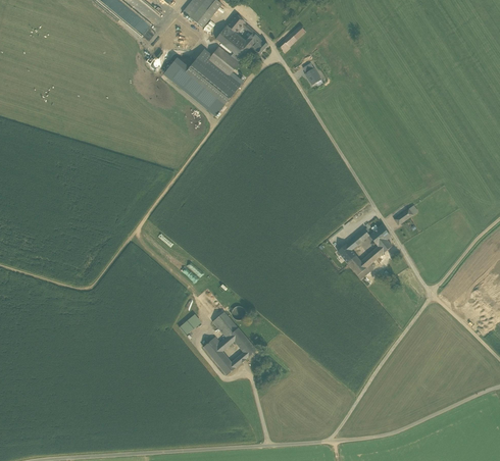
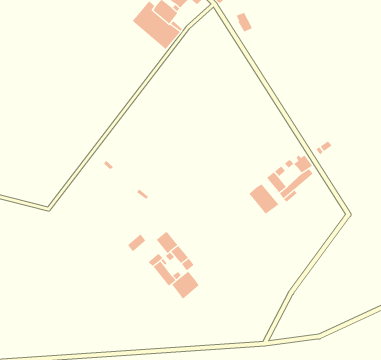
building: [163,56,223,115] -> none
building: none -> [248,184,279,215]
building: none -> [172,271,200,299]

